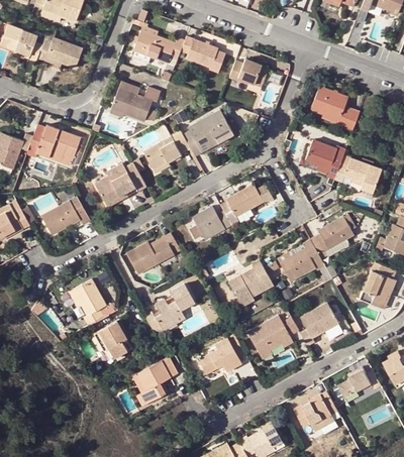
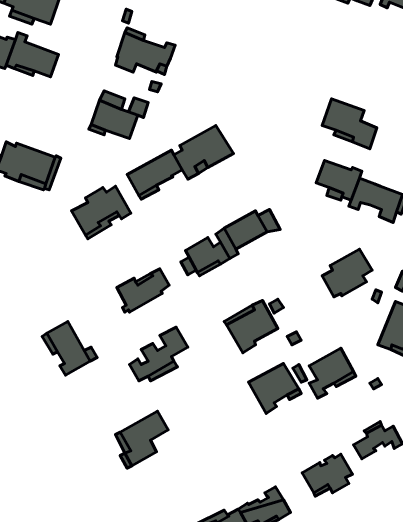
building: [180,36,225,70] -> none
building: [228,59,268,87] -> none
building: [41,196,91,236] -> none
building: [278,240,325,281] -> none
building: [94,321,131,358] -> none
building: [197,334,244,374] -> none

